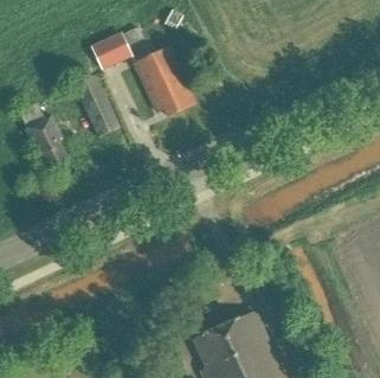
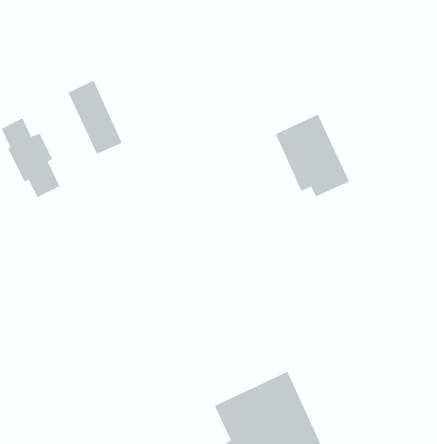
building: [90,31,131,68] -> none
building: [134,47,195,116] -> [275,114,350,198]

